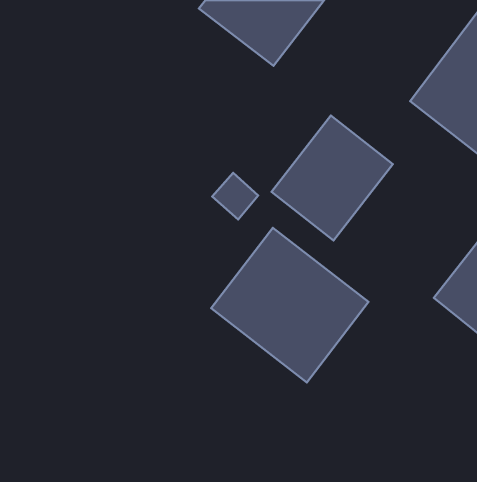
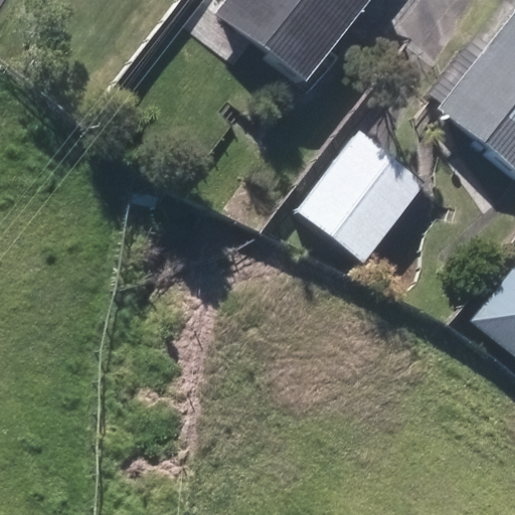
building: [211,228,369,382] -> none

